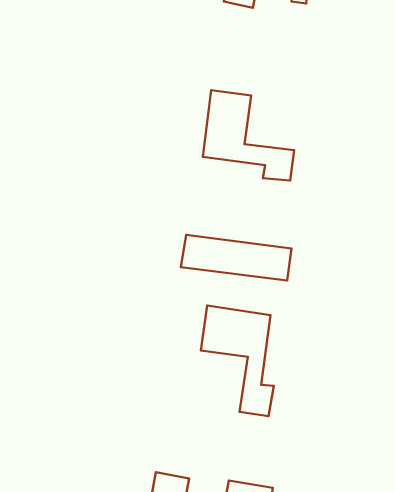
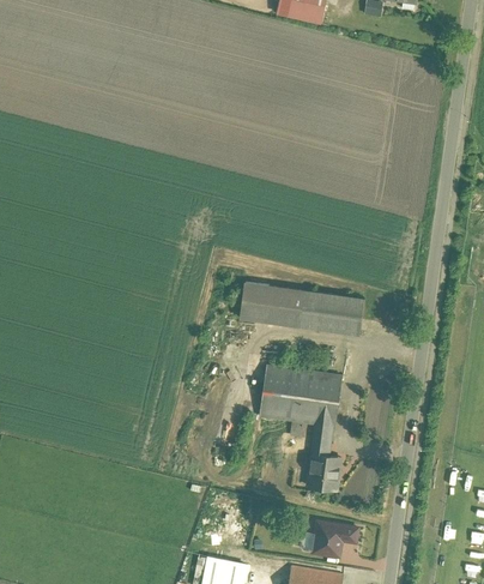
building: [203,90,294,181] -> none
building: none -> [311,520,359,559]

